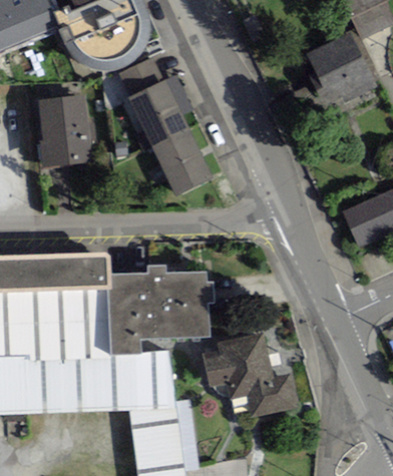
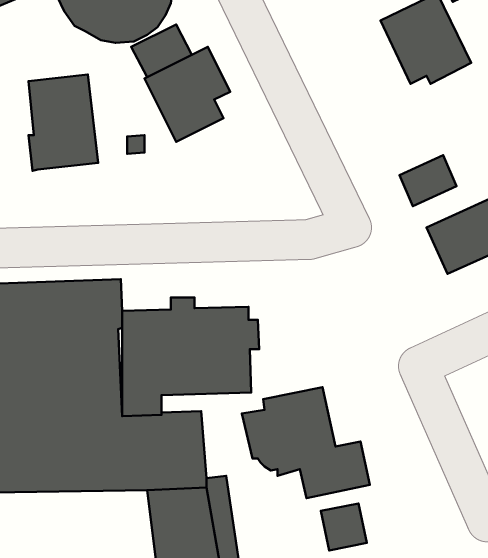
building: [151,128,213,195] -> none
building: none -> [399,155,456,206]
building: none -> [321,503,367,551]

